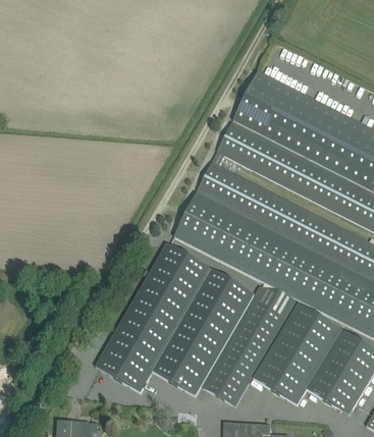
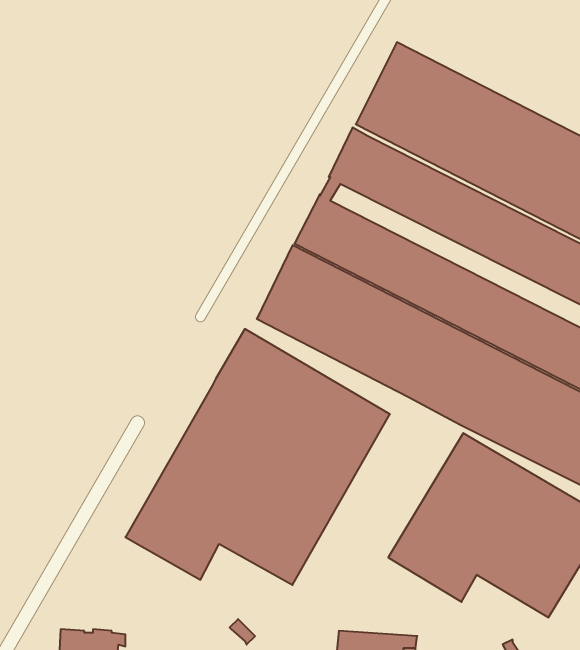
building: [201,287,293,405] -> none

